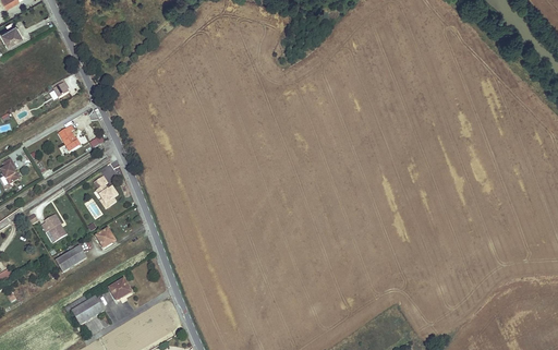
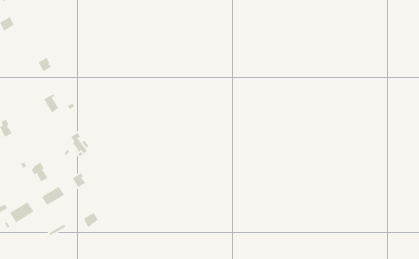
building: [72,297,105,325] -> [9,202,34,223]

